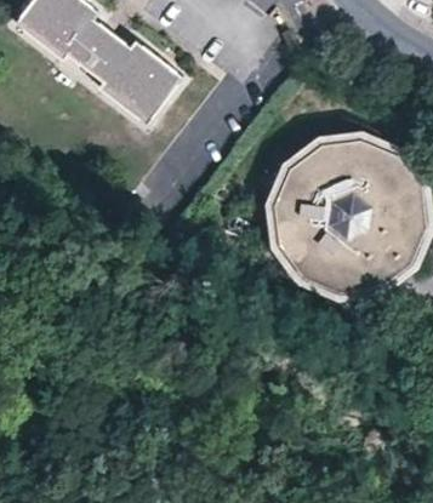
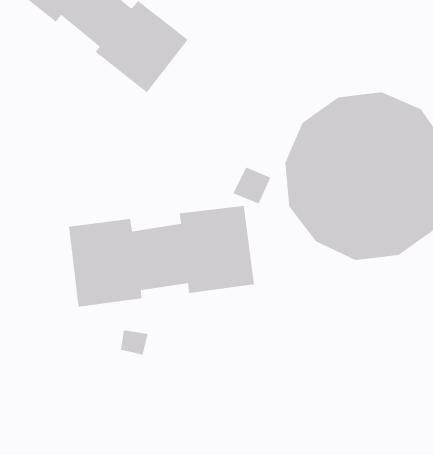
building: none -> [69,205,255,307]

